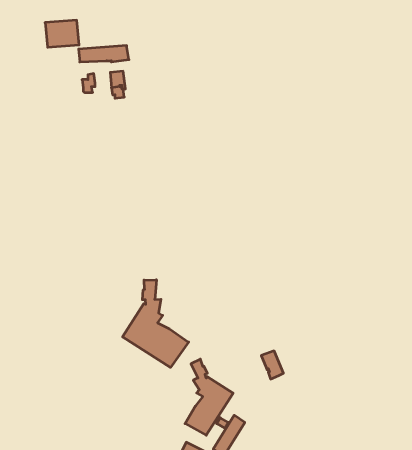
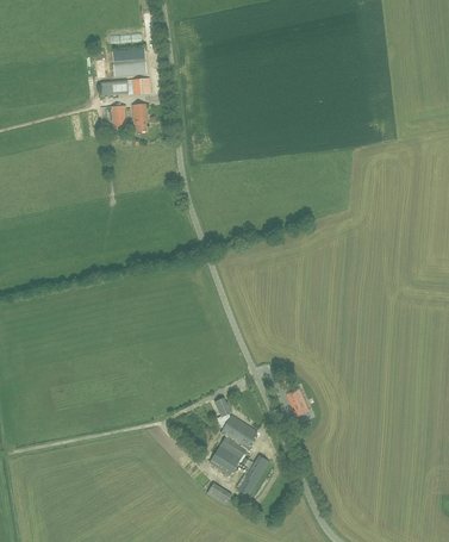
building: [45,20,79,47] -> [113,48,148,75]
building: [123,280,189,367] -> none

